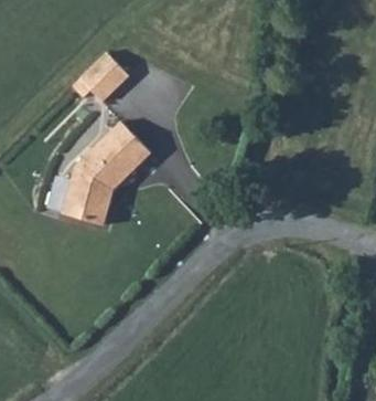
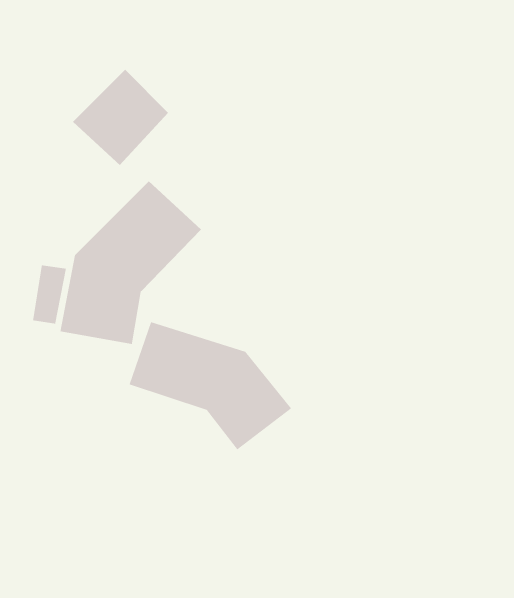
building: none -> [129,321,292,450]

